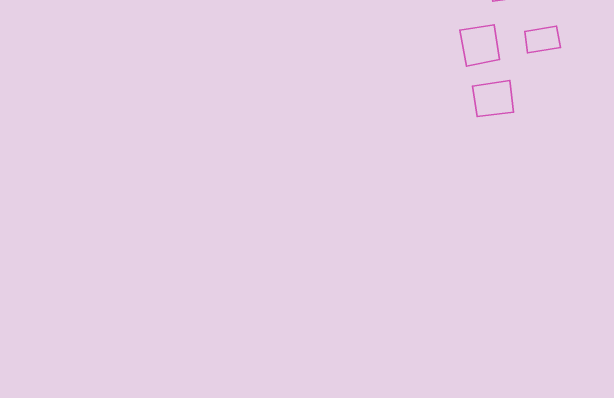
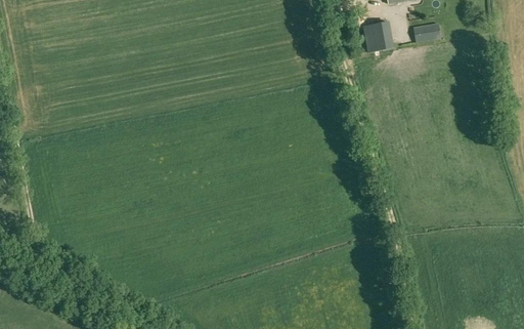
building: [472,81,513,116] -> none

